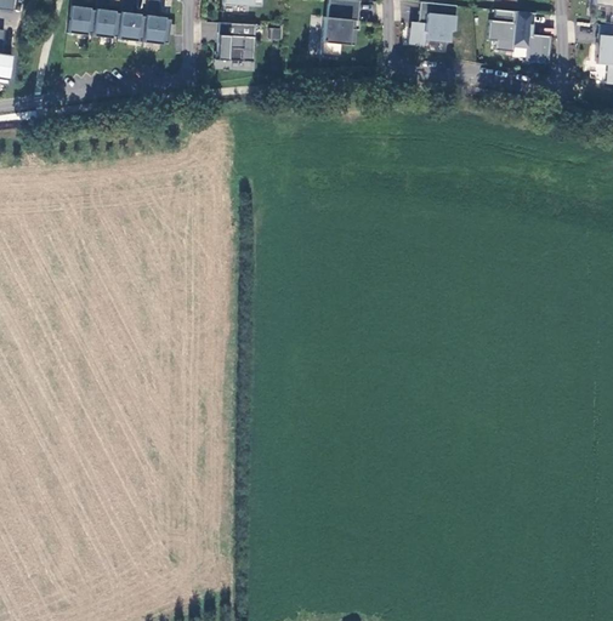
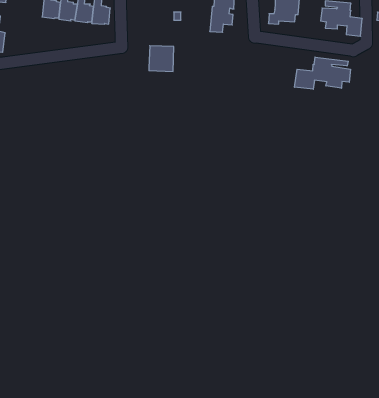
building: [217,22,255,61] -> [149,46,174,71]
building: none -> [295,57,350,89]

